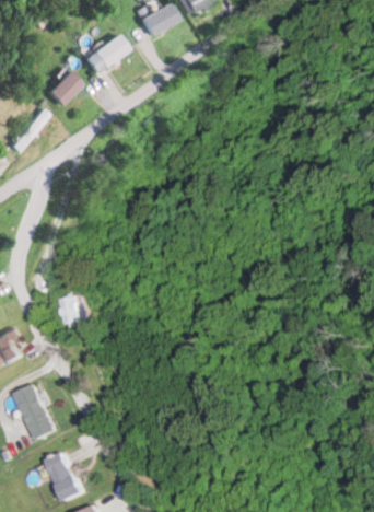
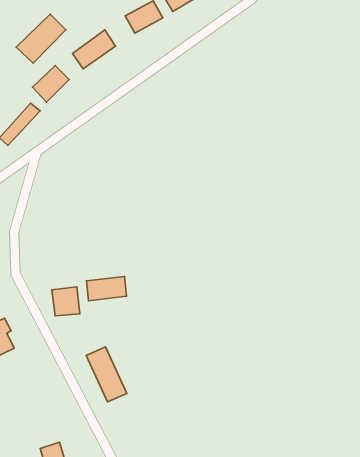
building: none -> [16,14,66,63]
building: none -> [86,276,126,301]
building: [13,385,55,441] -> [86,347,127,402]

